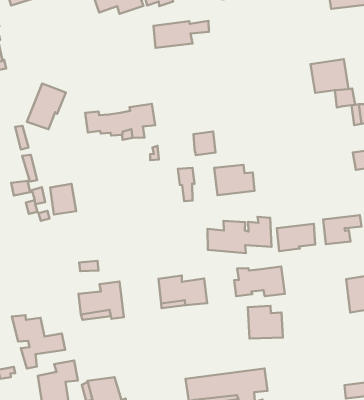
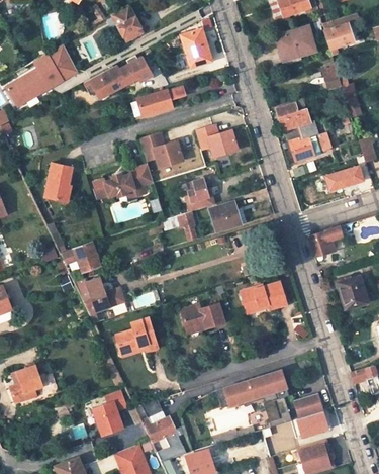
building: none -> [195,123,238,156]
building: none -> [140,133,183,169]
building: none -> [288,139,314,163]
building: [207,217,271,253] -> none
building: [277,224,315,251] -> none
building: [248,306,283,339] -> none
building: [12,315,65,368] -> [74,279,123,323]

